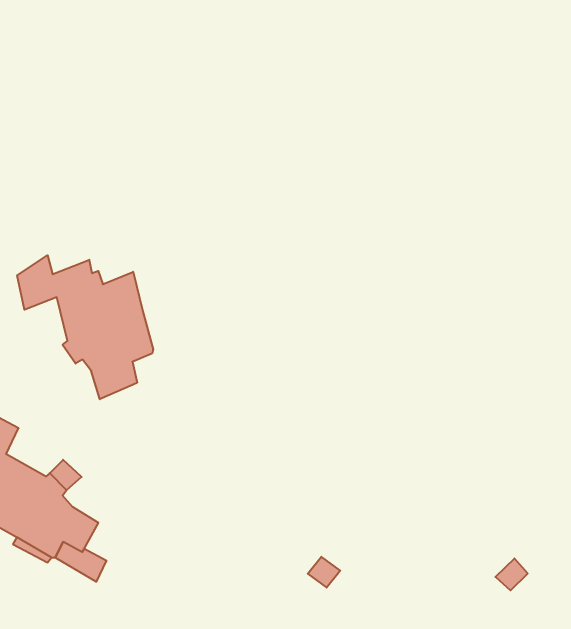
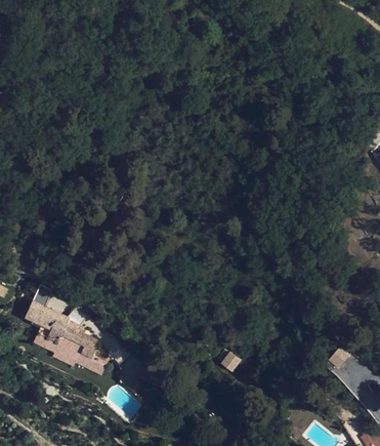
building: [17,255,153,399] -> none

